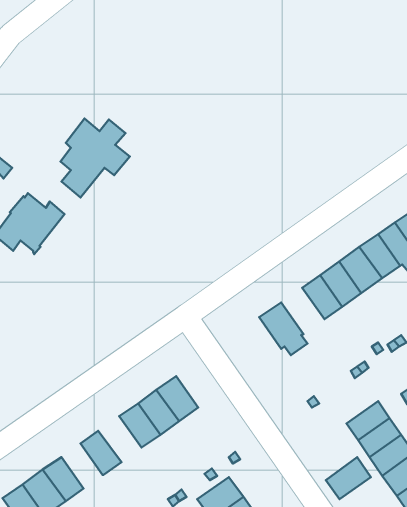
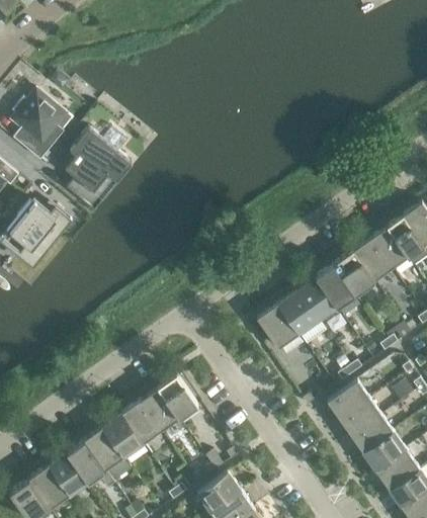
building: none -> [12,90,64,161]
building: none -> [277,290,319,335]
building: none -> [101,414,143,458]
building: none -> [66,440,114,489]
building: [326,457,371,499] -> [327,380,370,421]

